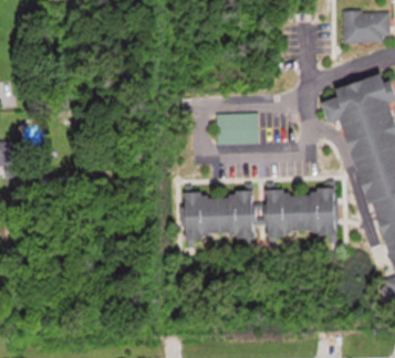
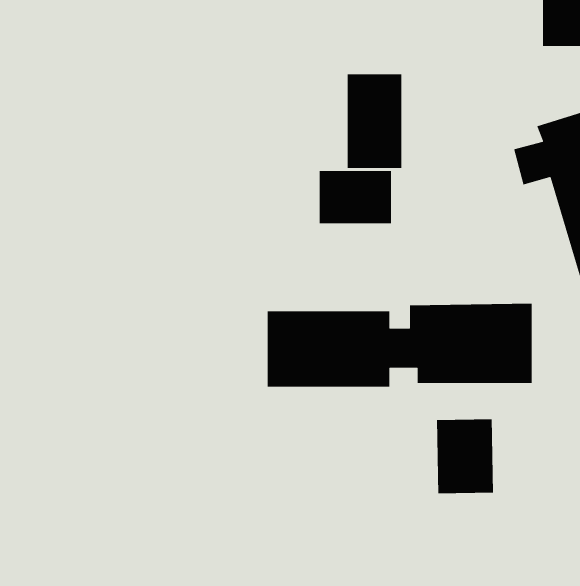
building: none -> [347,73,402,169]
building: none -> [436,419,494,494]

